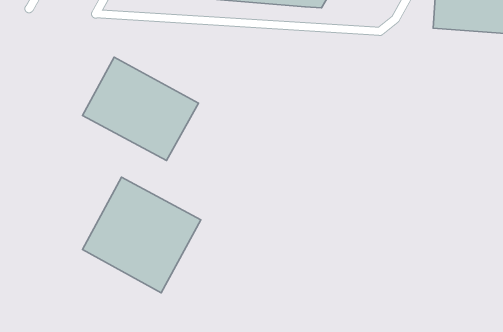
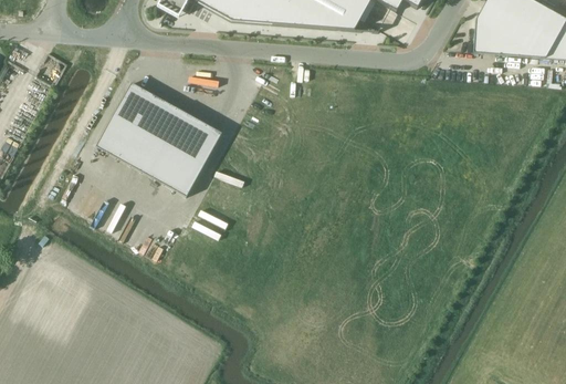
building: [83,177,201,293] -> none

